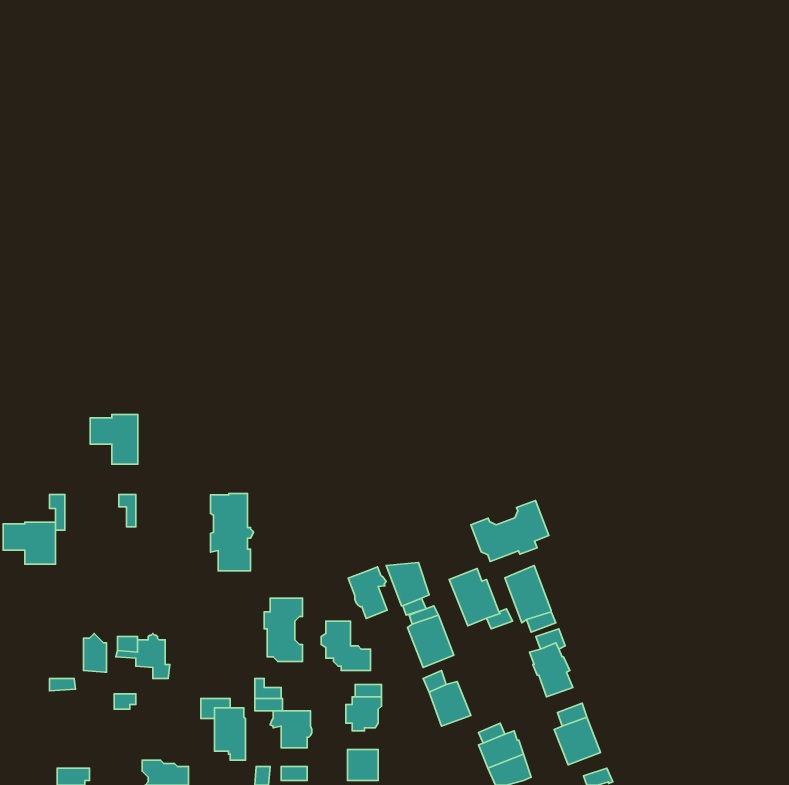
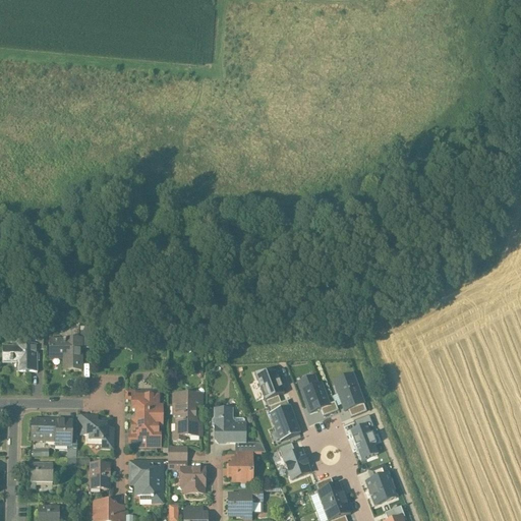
building: [90,415,138,464] -> [49,337,80,369]
building: [210,493,254,571] -> [132,395,161,446]
building: [471,500,549,562] -> none
building: [348,567,387,618] -> none
building: none -> [31,419,55,440]
building: none -> [30,463,52,481]
building: none -> [90,463,109,488]

